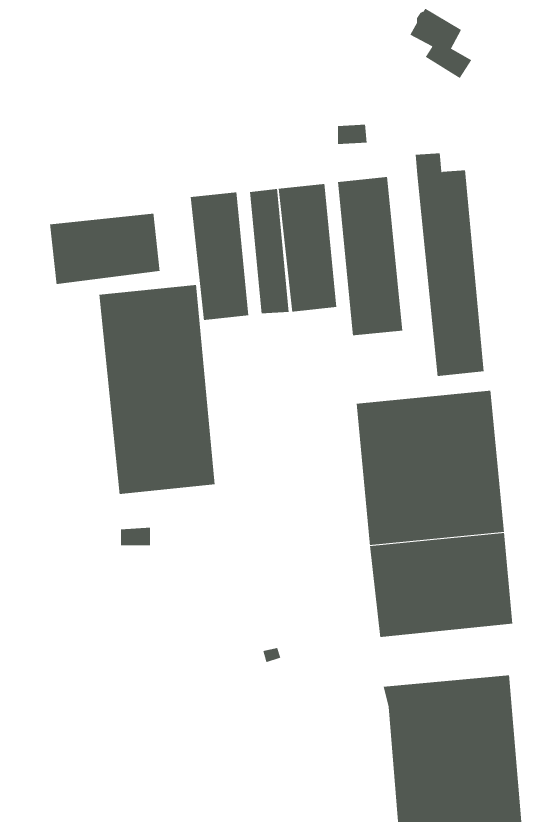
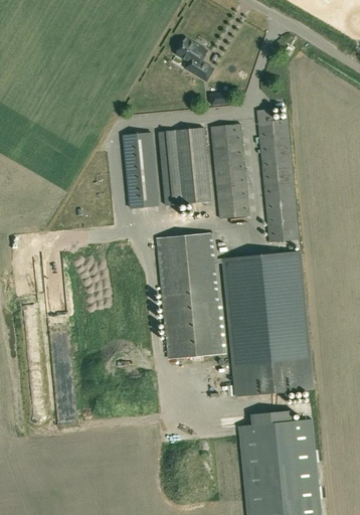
building: [409,8,472,79] -> [175,37,212,79]
building: [49,213,160,285] -> none
building: [99,284,215,495] -> [156,233,225,358]

